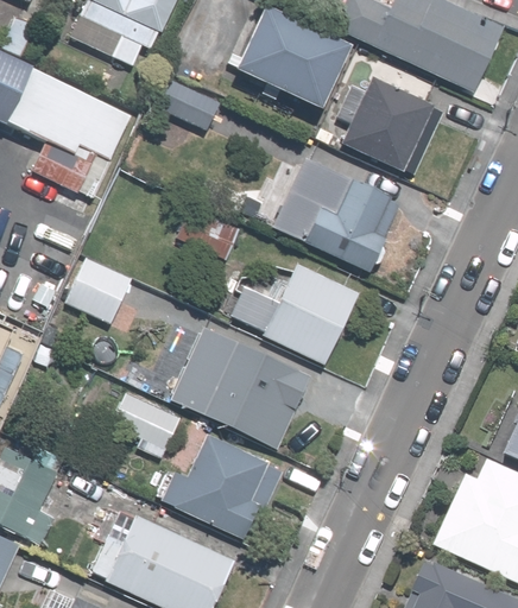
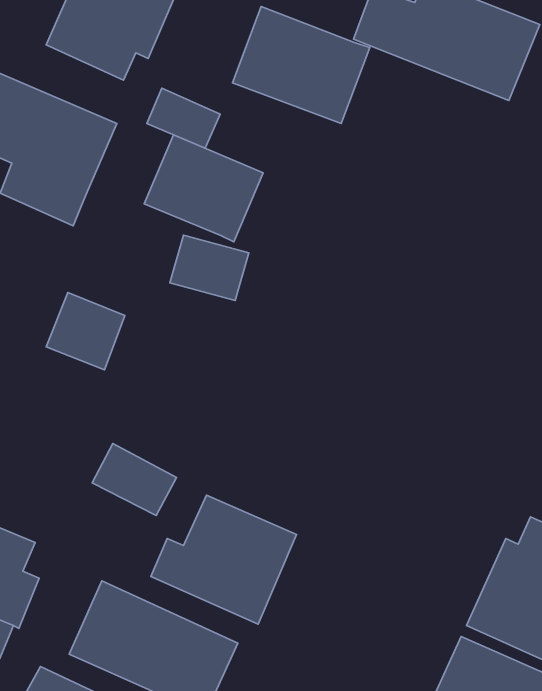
building: [328,80,443,176] -> none
building: none -> [144,135,263,242]
building: [274,159,403,273] -> none
building: [230,262,359,362] -> none
building: [172,323,312,454] -> none

